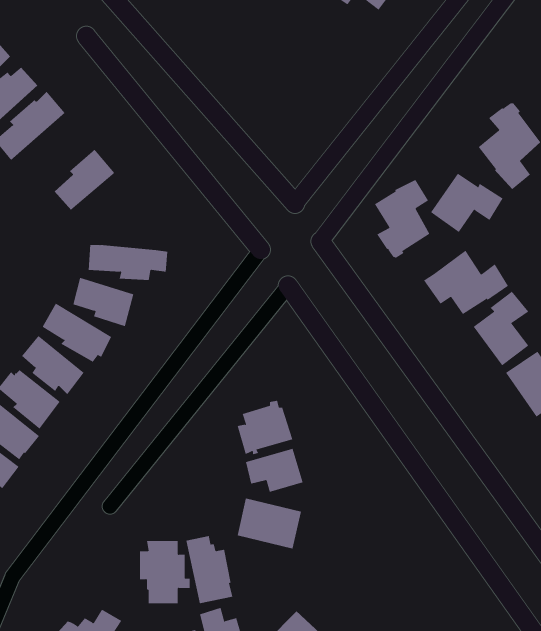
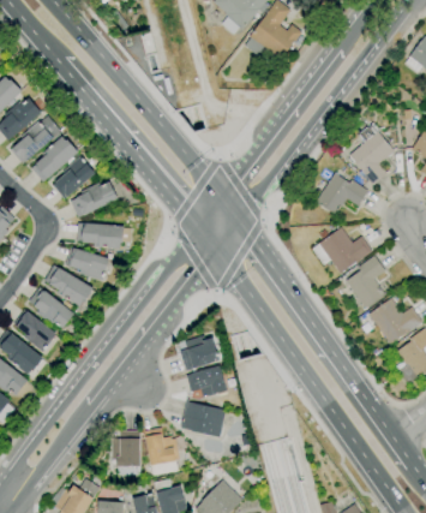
building: none -> [30,137,78,183]
building: [374,179,430,259] -> none
building: none -> [70,181,118,217]

